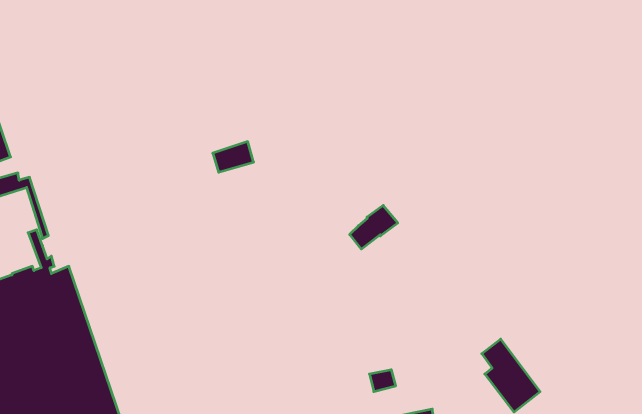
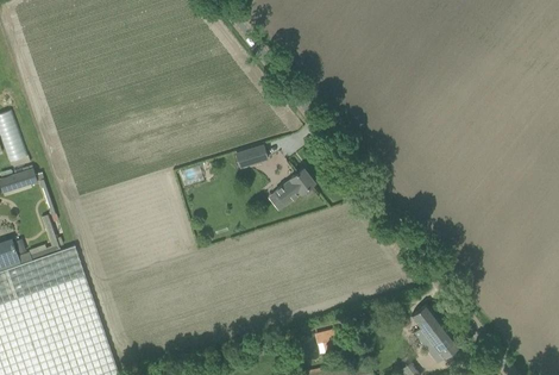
building: [213,142,254,172] -> [234,144,268,169]
building: [350,205,398,249] -> [275,169,314,205]

